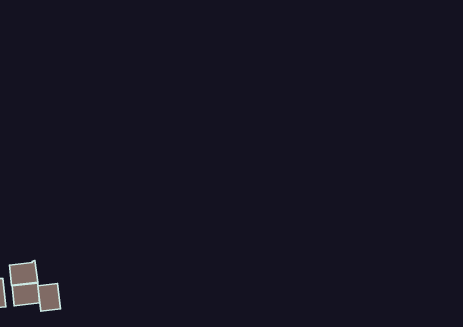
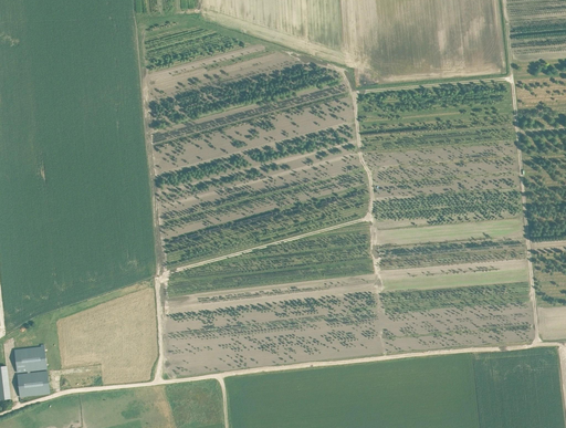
building: [38,283,60,311] -> none

